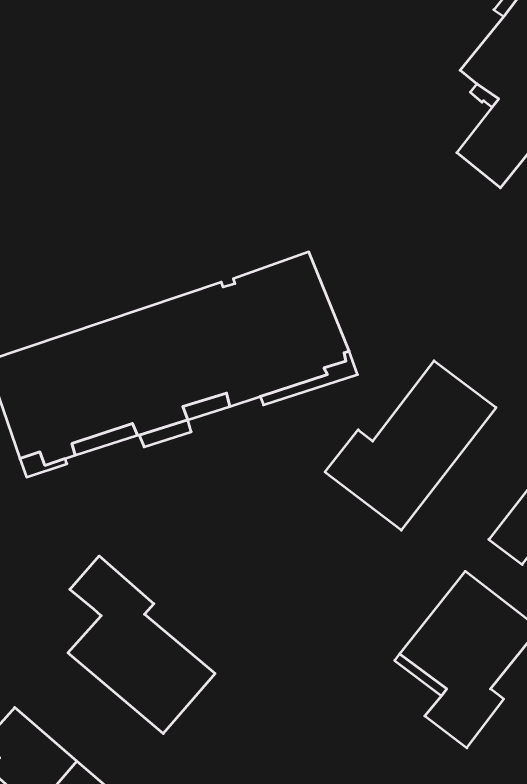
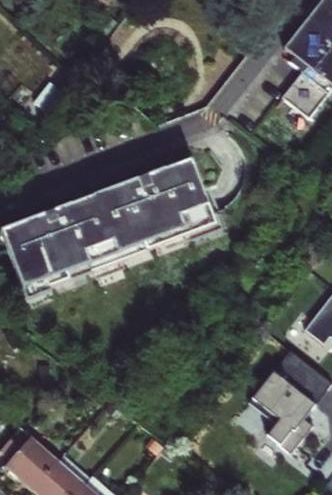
building: [325,361,496,530] -> none
building: [68,556,215,734] -> none

